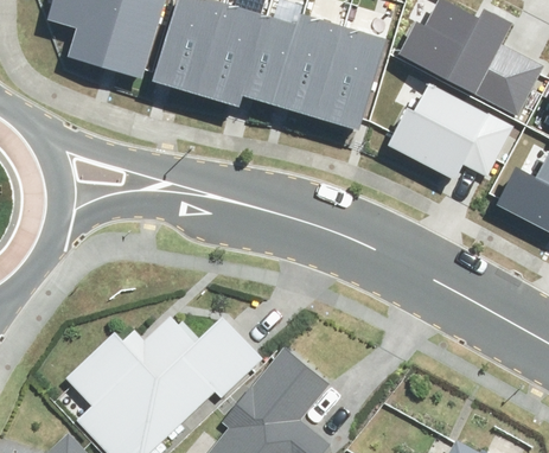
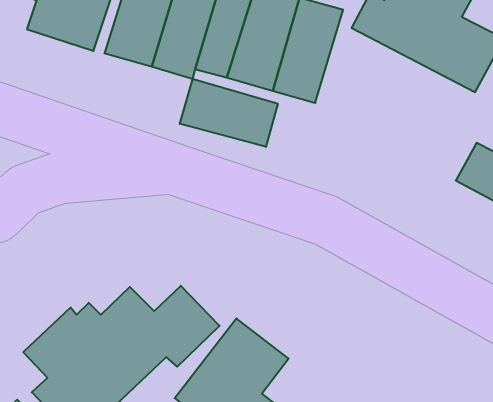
building: [388,87,511,183] -> none
building: none -> [180,79,278,147]

